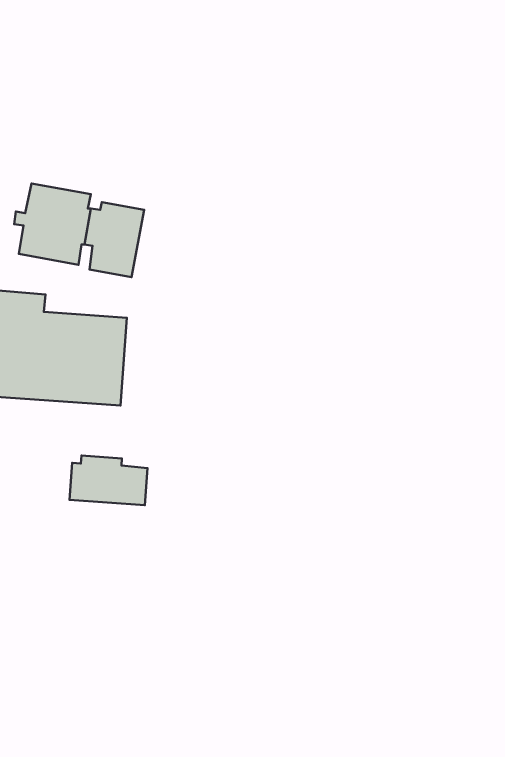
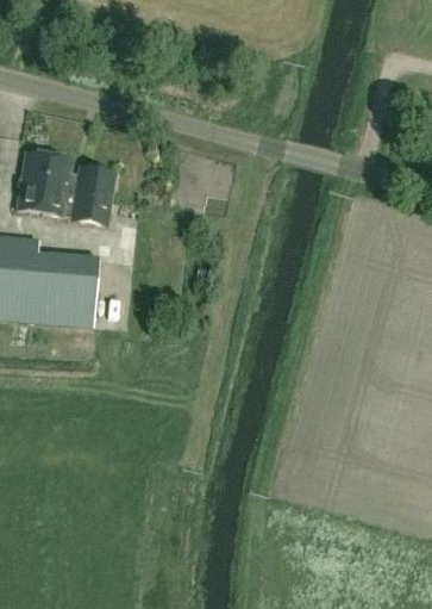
building: [69,455,147,505] -> none

